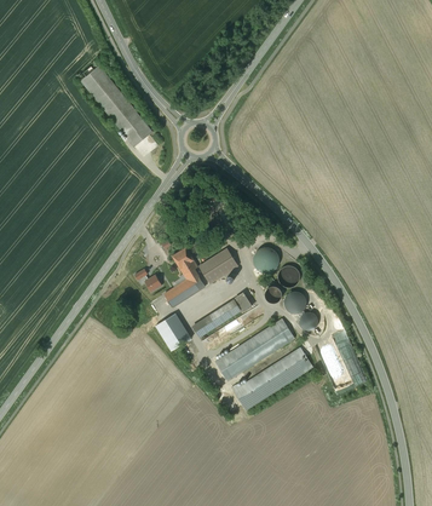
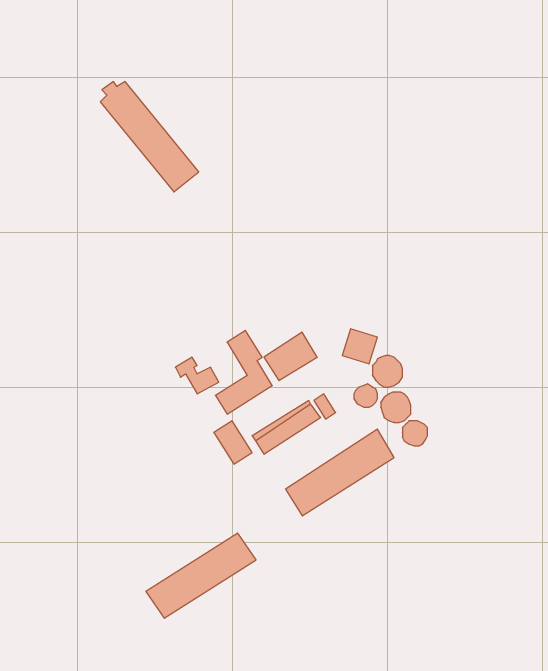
building: [232,347,312,409] -> [146,533,256,618]

